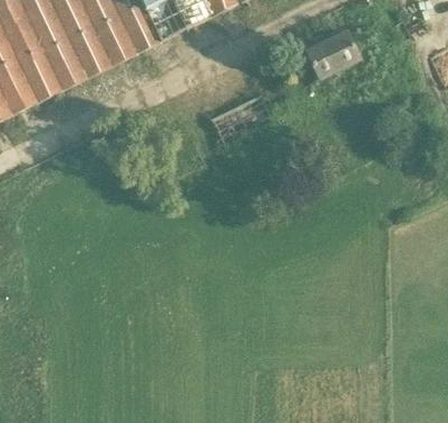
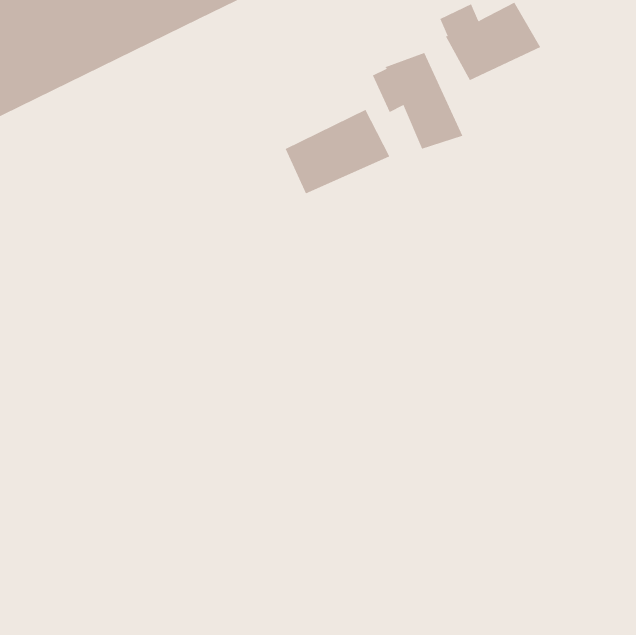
building: none -> [372,52,463,150]

